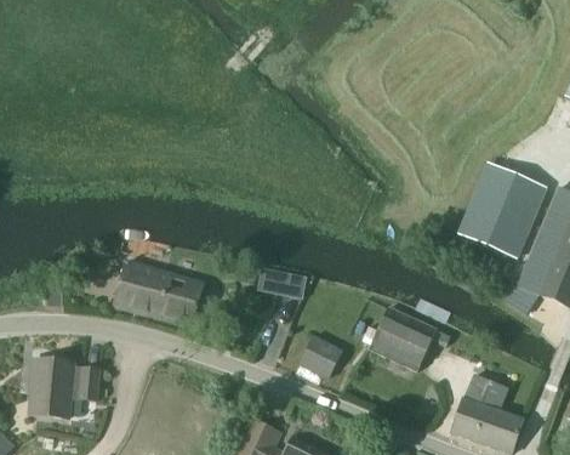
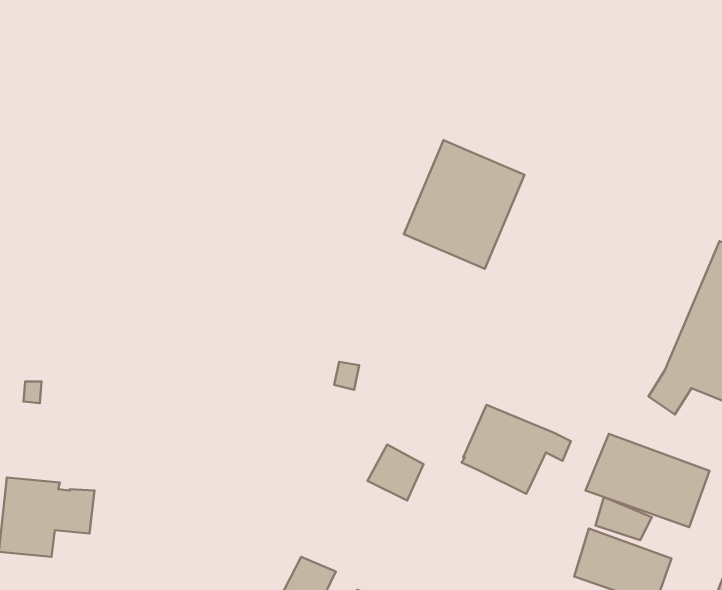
building: [458,163,547,257] -> [404,140,524,269]
building: [114,261,203,325] -> none
building: none -> [586,434,709,527]

